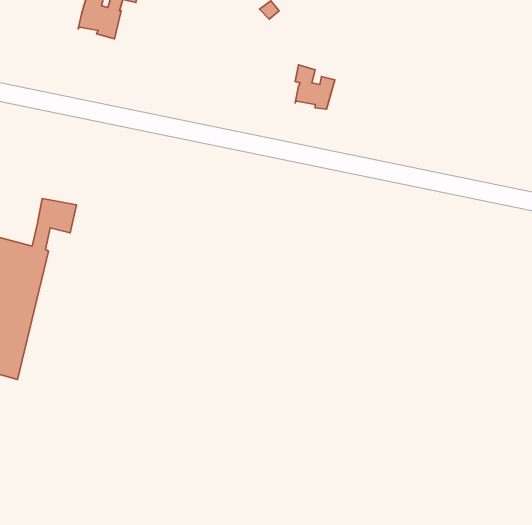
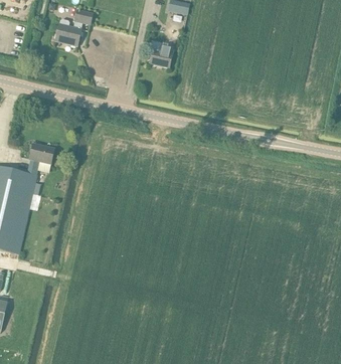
building: [295,65,335,109] -> [150,39,174,66]

